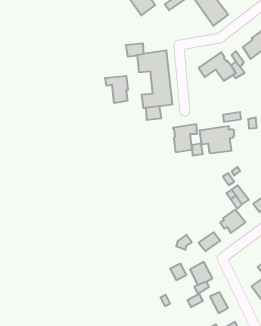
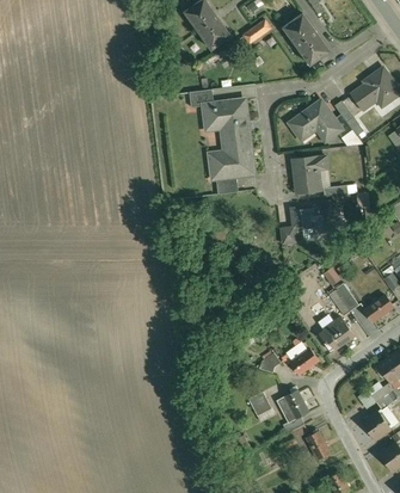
building: [105,76,128,103] -> none
building: [173,124,197,152] -> [294,155,327,193]

